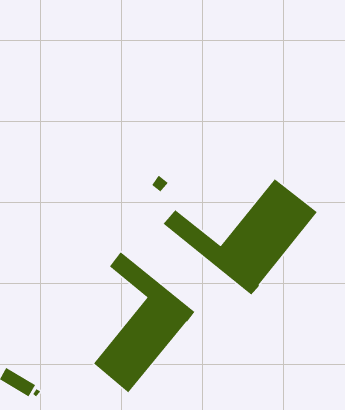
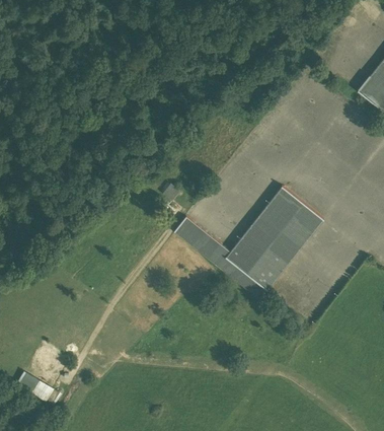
building: [92,251,195,394] -> none

